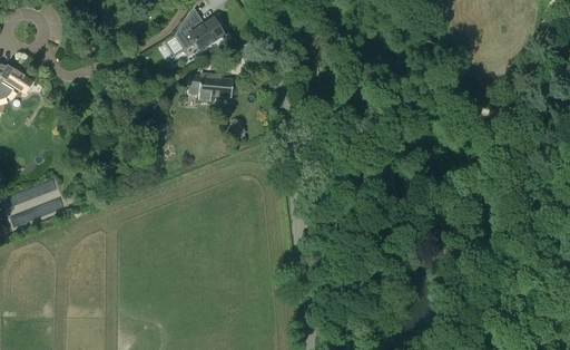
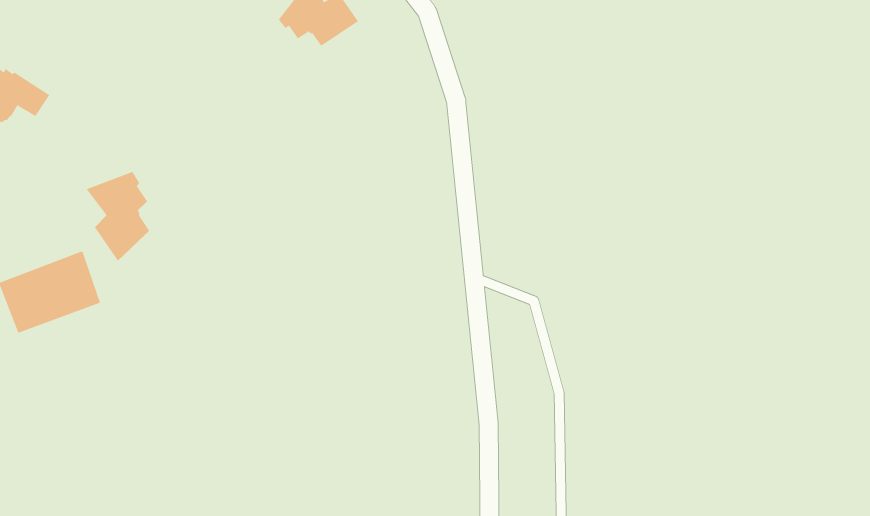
building: [187,74,233,100] -> none
building: none -> [86,171,150,262]

